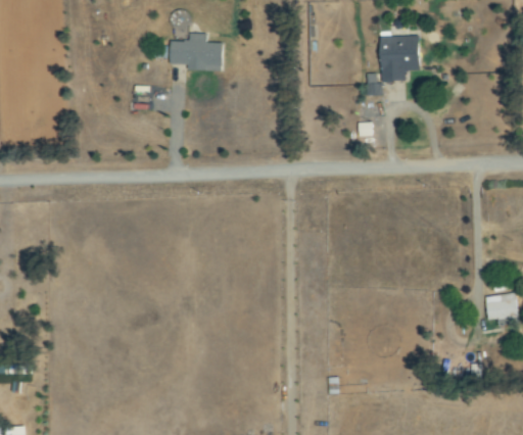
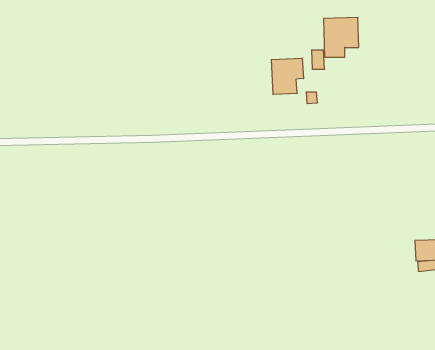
building: [170,33,223,70] -> none
building: none -> [271,58,304,95]

